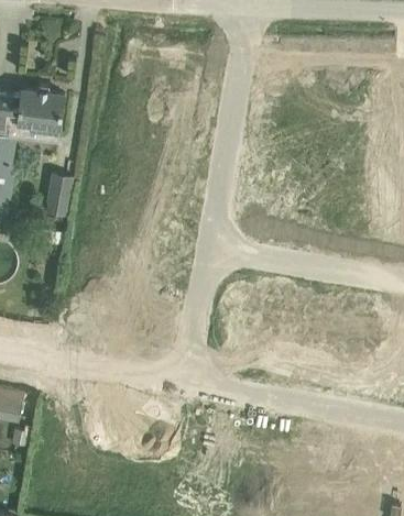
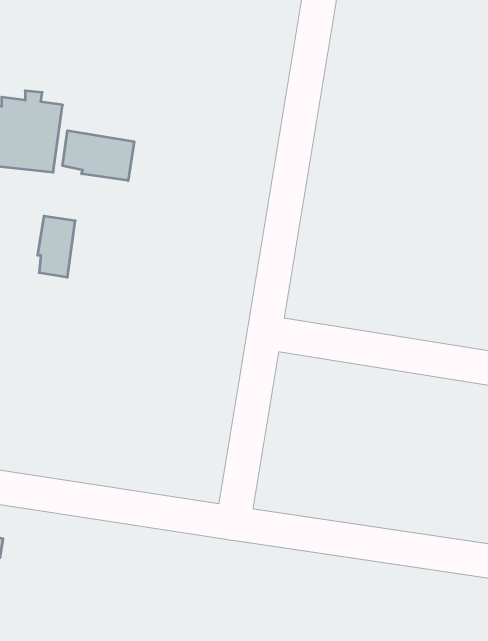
building: none -> [63,131,134,181]

